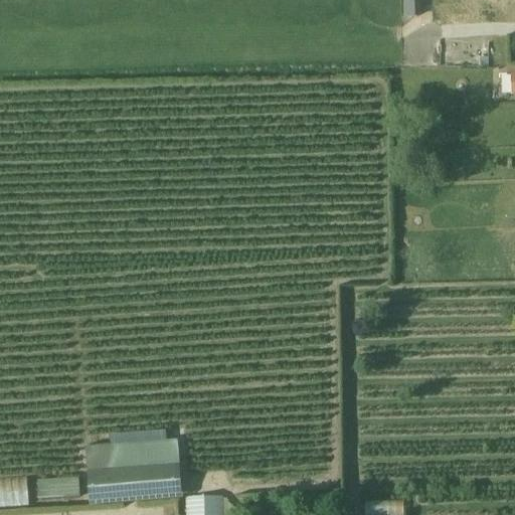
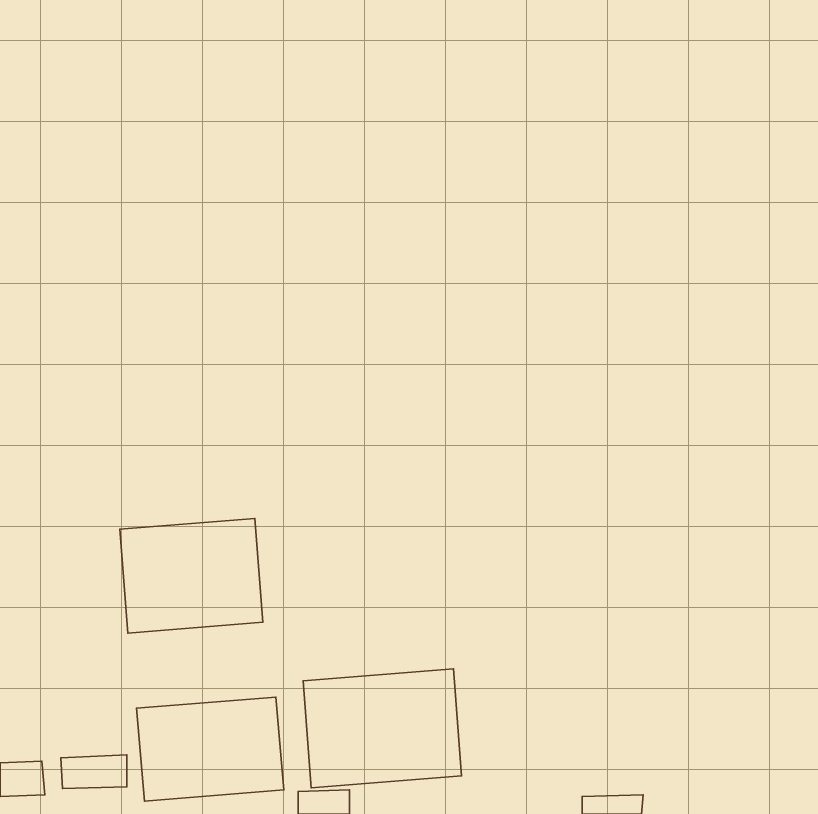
building: none -> [120,518,263,633]
building: none -> [303,669,462,788]

